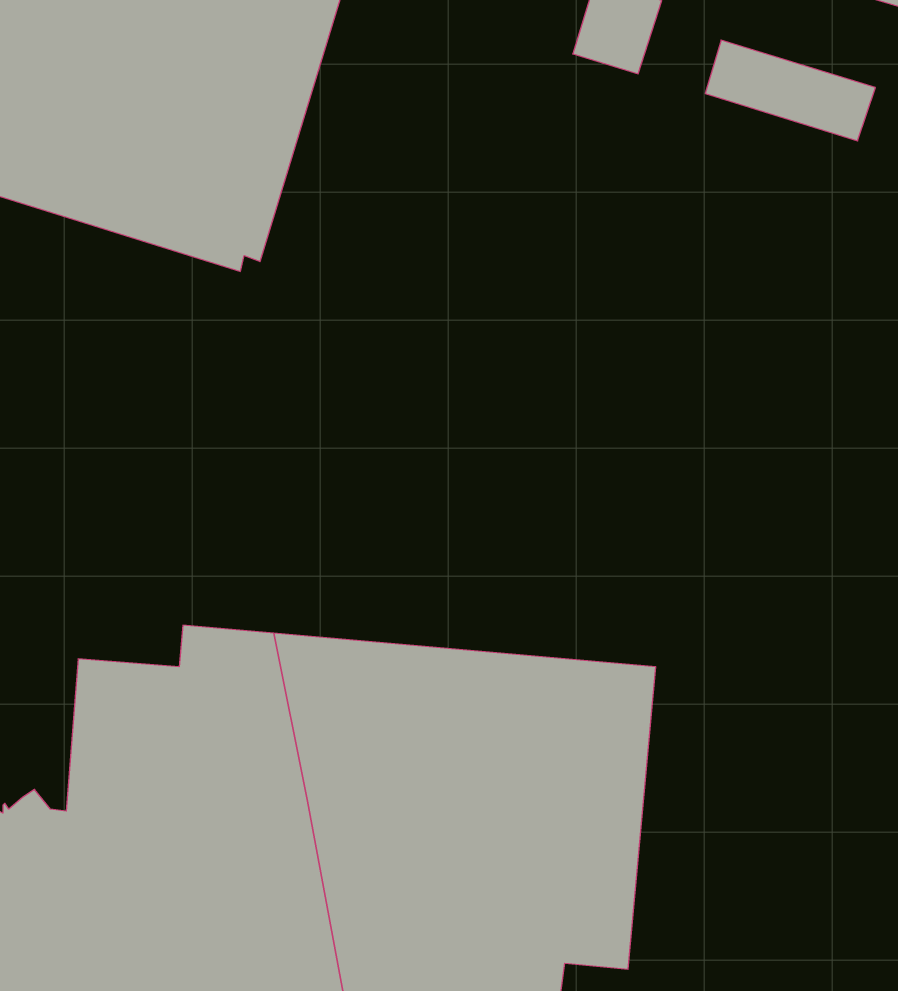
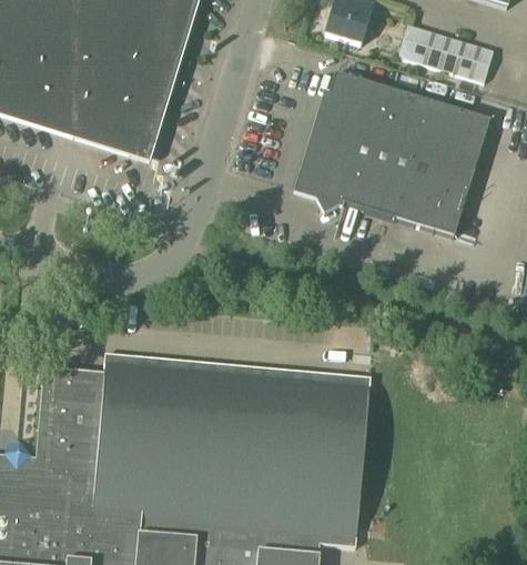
building: none -> [298,73,489,238]

